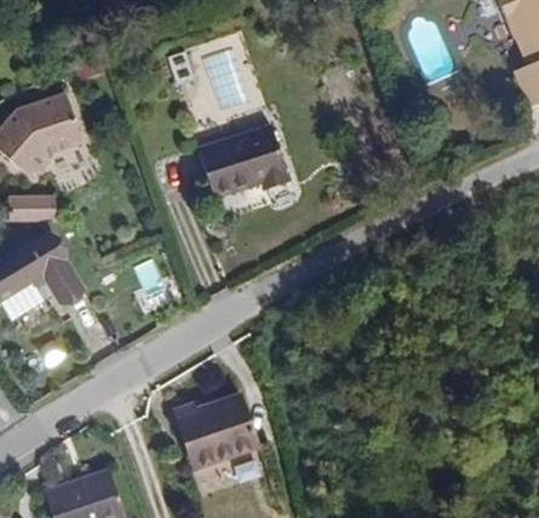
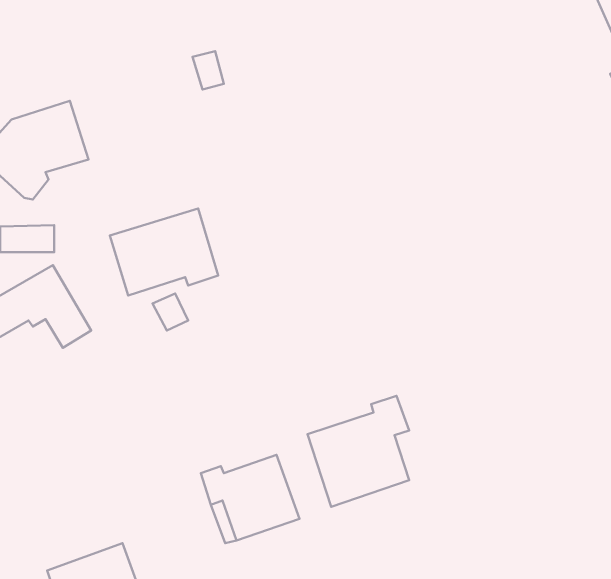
building: [194,126,286,200] -> [110,209,218,296]
building: none -> [308,396,409,507]

